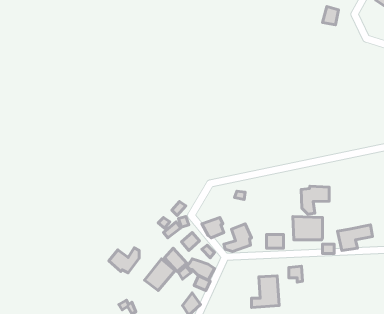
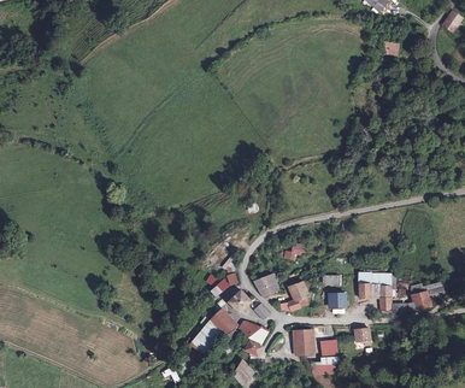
building: [301,186,329,214] -> none
building: [109,248,139,273] -> none
building: none -> [293,330,314,355]

